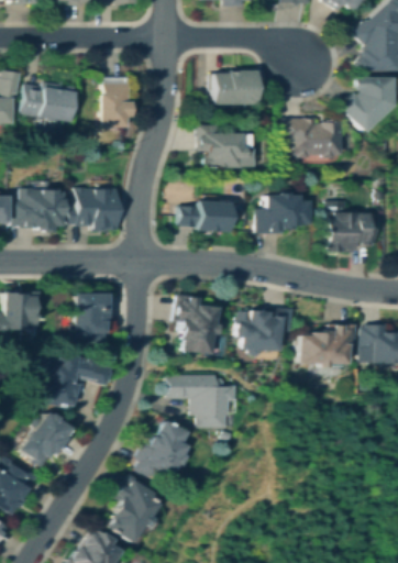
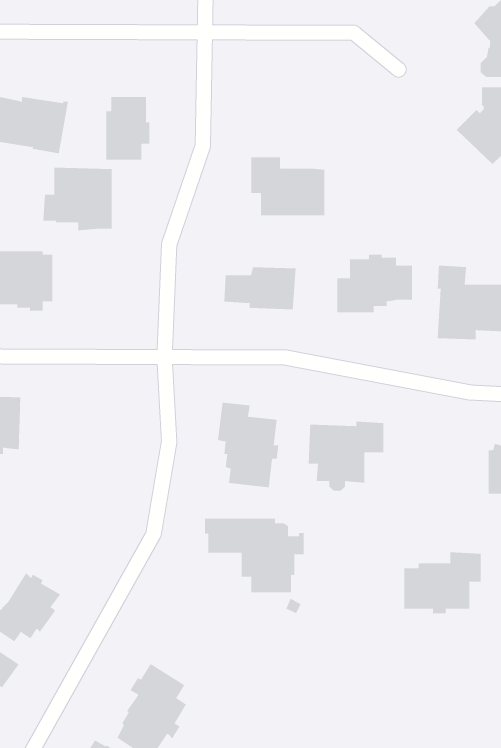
building: [214,70,257,104] -> none
building: [283,118,343,157] -> none
building: [70,187,119,231] -> [42,167,112,231]
building: [74,294,113,347] -> none
building: [301,324,355,367] -> [403,552,481,614]
building: [36,353,109,409] -> none
building: [137,421,188,479] -> none

